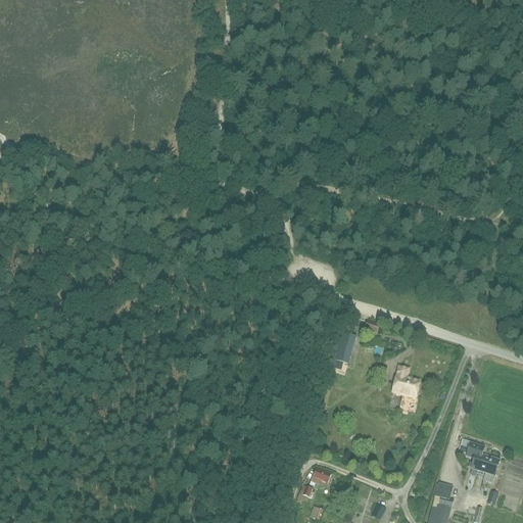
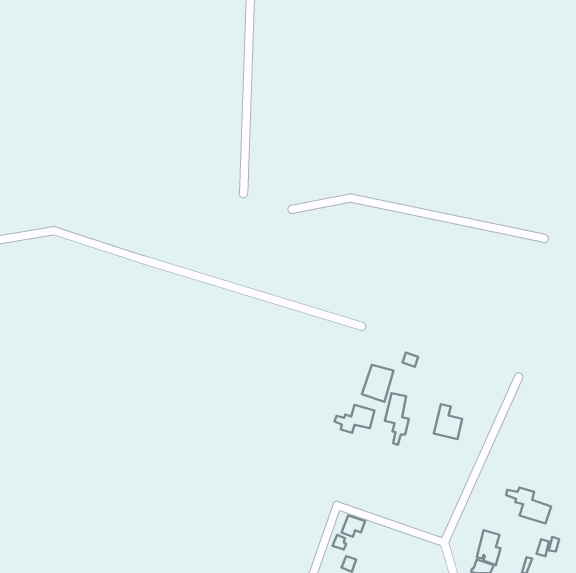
building: none -> [385,393,409,445]
building: none -> [334,405,374,433]

